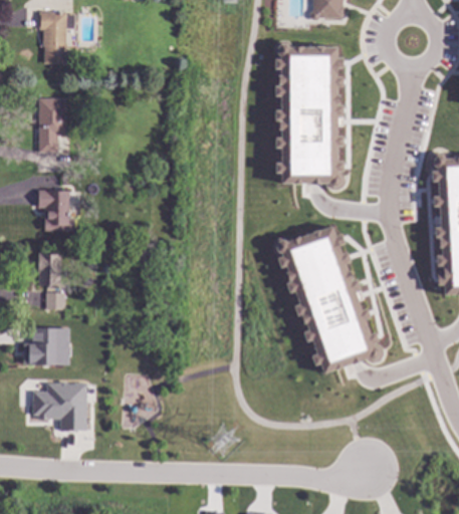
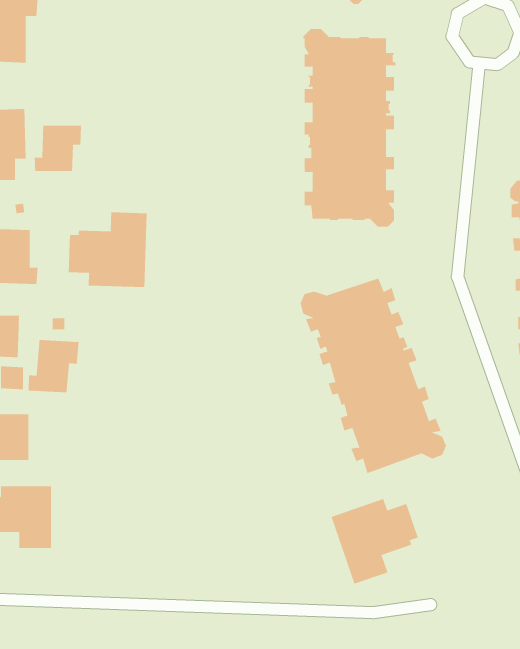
building: none -> [34,125,82,172]
building: none -> [68,212,147,288]
building: none -> [28,339,79,393]
building: none -> [331,498,419,585]

